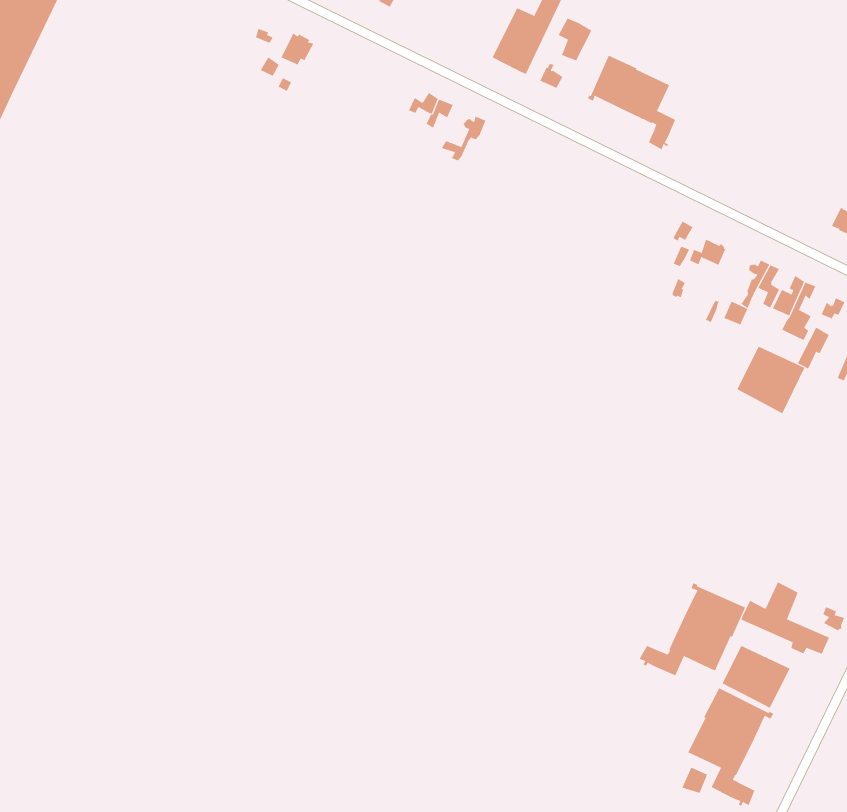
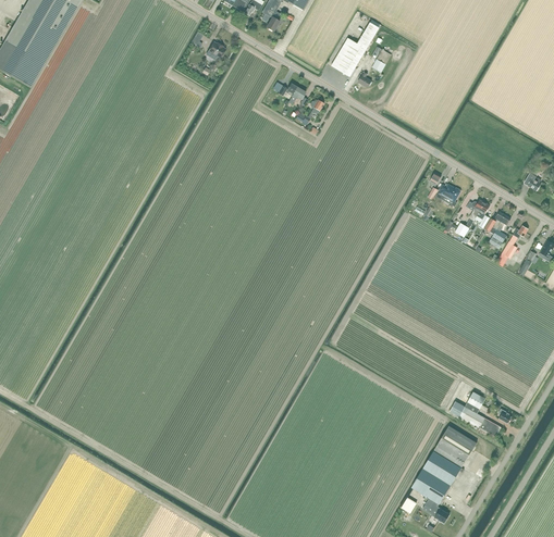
building: [587,55,676,150] -> none
building: [737,346,805,414] -> none
building: [639,582,746,676] -> none

